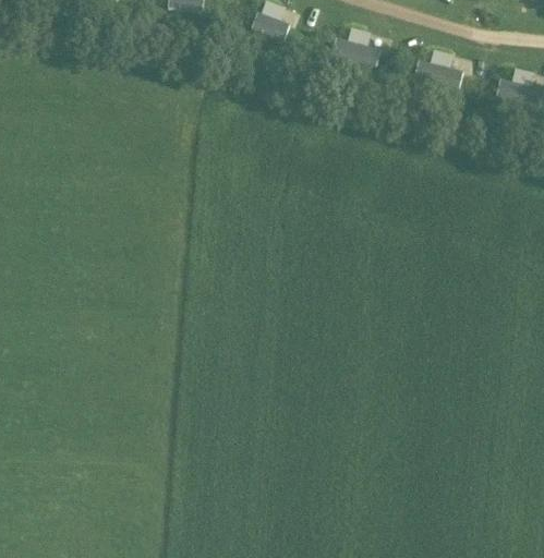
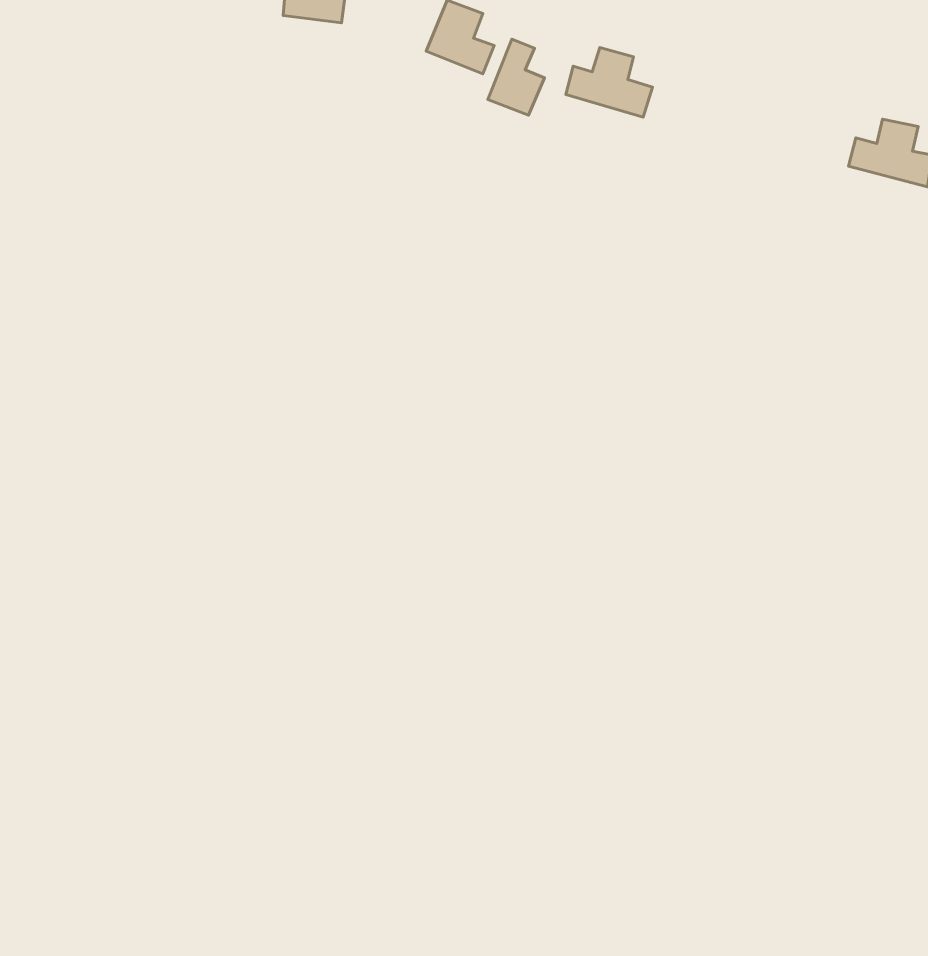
building: none -> [488,39,544,115]
building: [415,52,461,87] -> none

